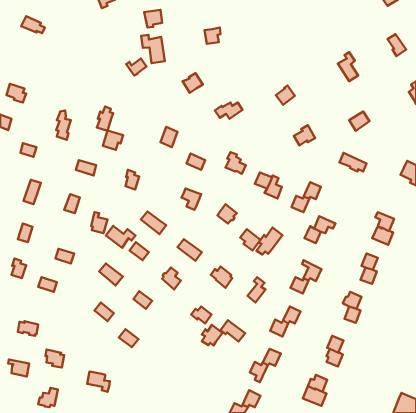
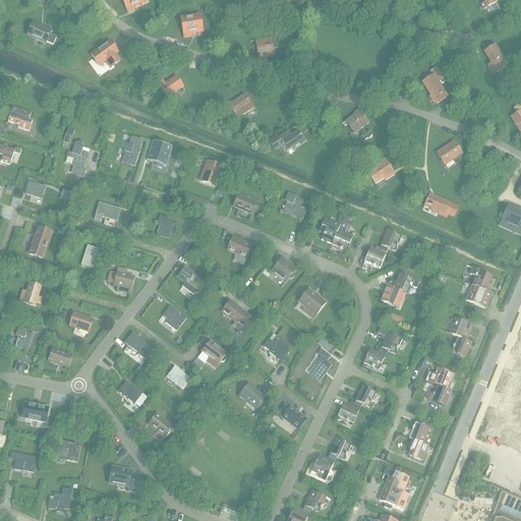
building: none -> [91,39,119,65]
building: [141,35,165,63] -> none
building: [103,130,123,150] -> [147,138,172,163]
building: [106,226,136,248] -> none
building: [257,228,282,255] -> none
building: [202,325,223,345] -> none

